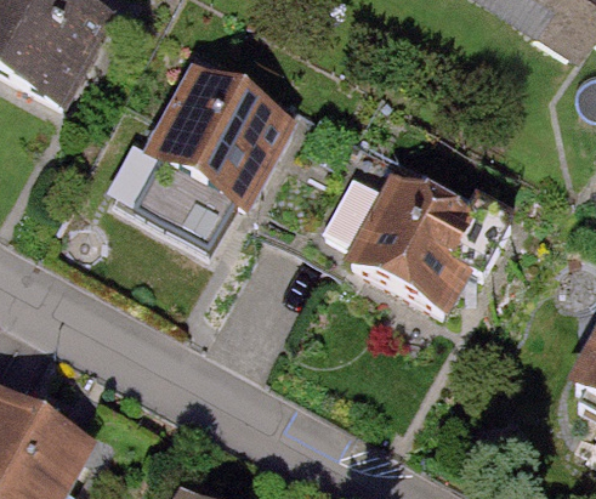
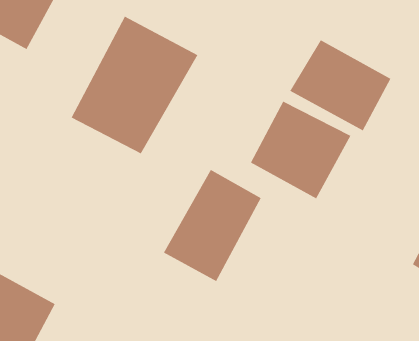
building: none -> [289,39,392,131]
building: none -> [163,169,262,282]

